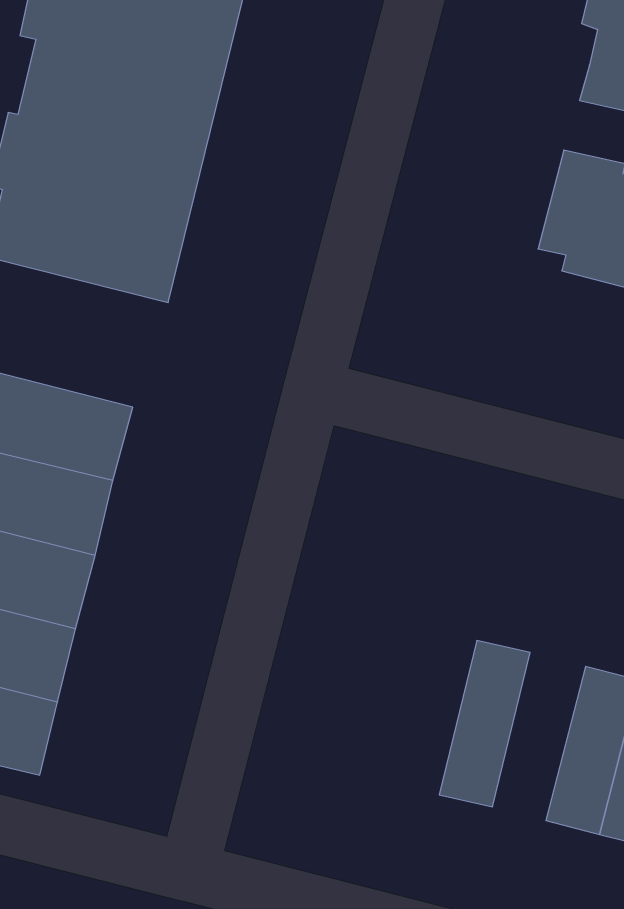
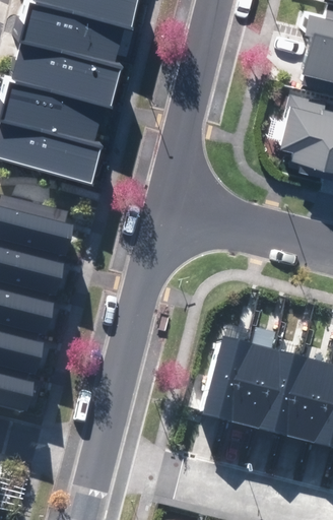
building: none -> [199,337,247,424]
building: none -> [255,350,303,437]

